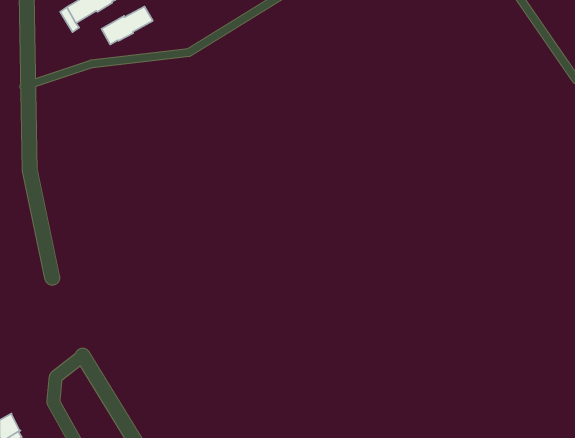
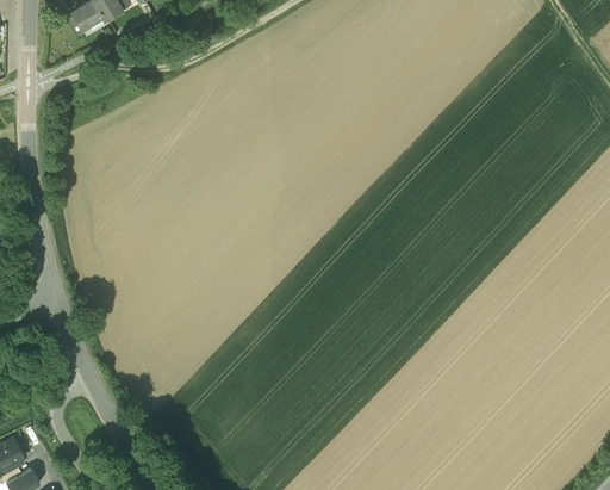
building: [102,6,153,45] -> none

